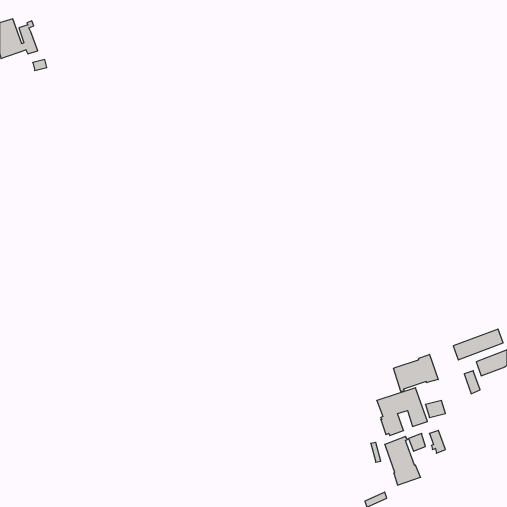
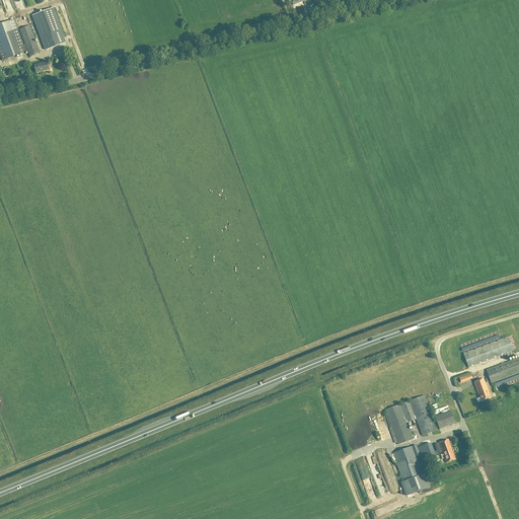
building: none -> [30,6,62,47]
building: [393,354,438,392] -> none

